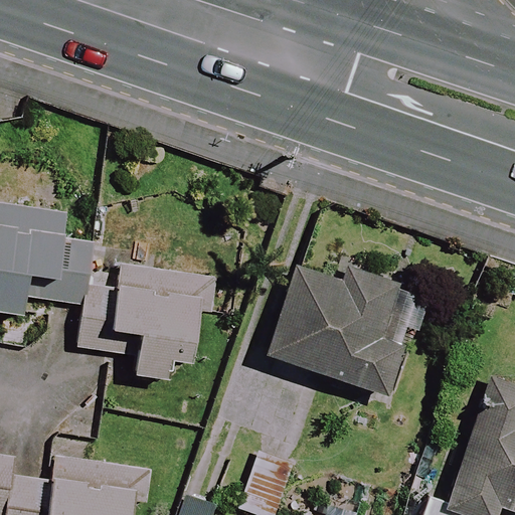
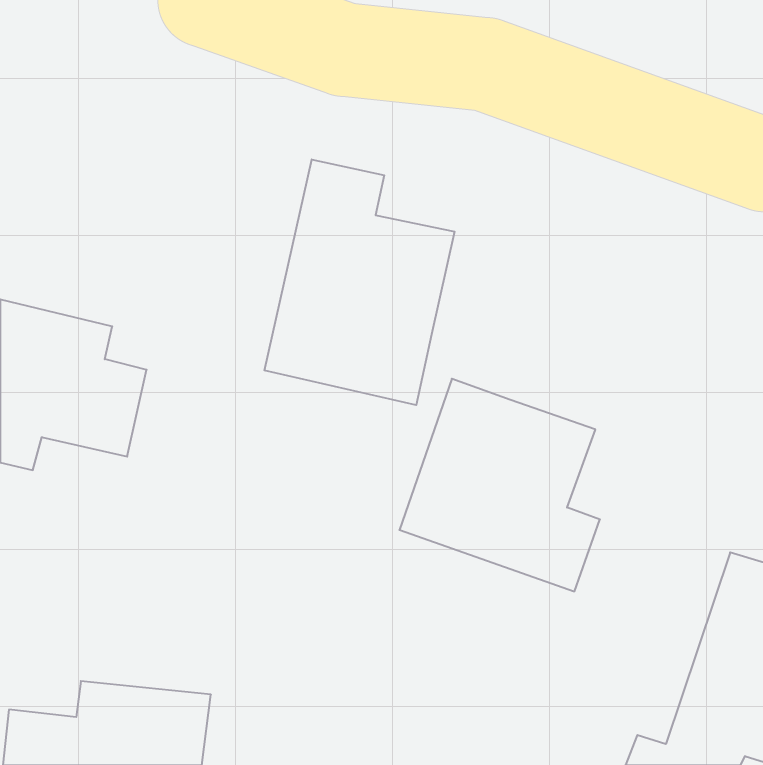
building: none -> [264,159,455,405]
building: [84,258,211,381] -> none

